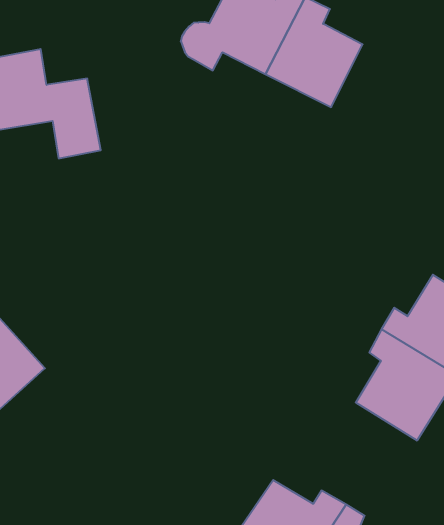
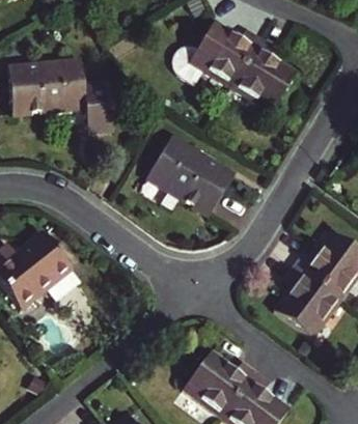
building: none -> [147,137,233,215]

